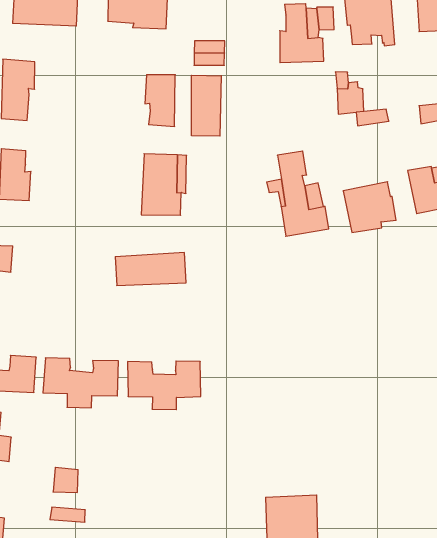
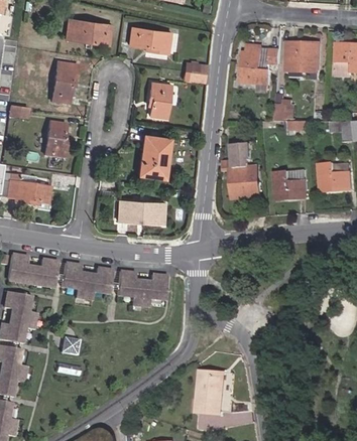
building: [191,75,221,136] -> none

